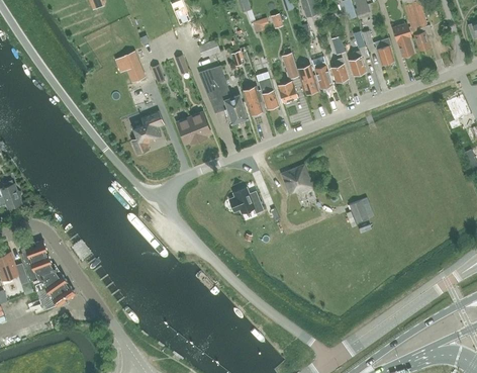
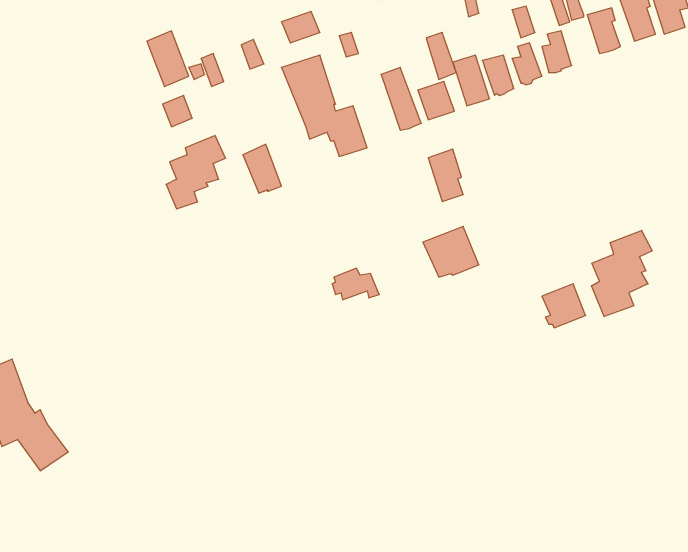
building: [243,86,263,116] -> [428,149,463,201]
building: [189,112,211,142] -> none
building: none -> [591,230,652,317]

